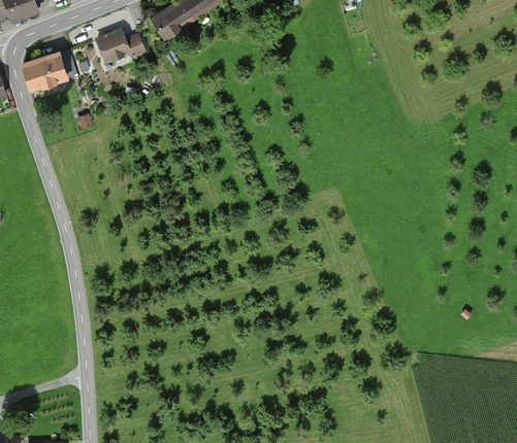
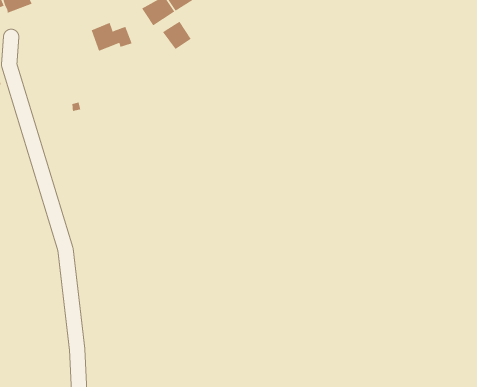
building: none -> [162,21,191,50]
building: [22,50,65,89] -> none

